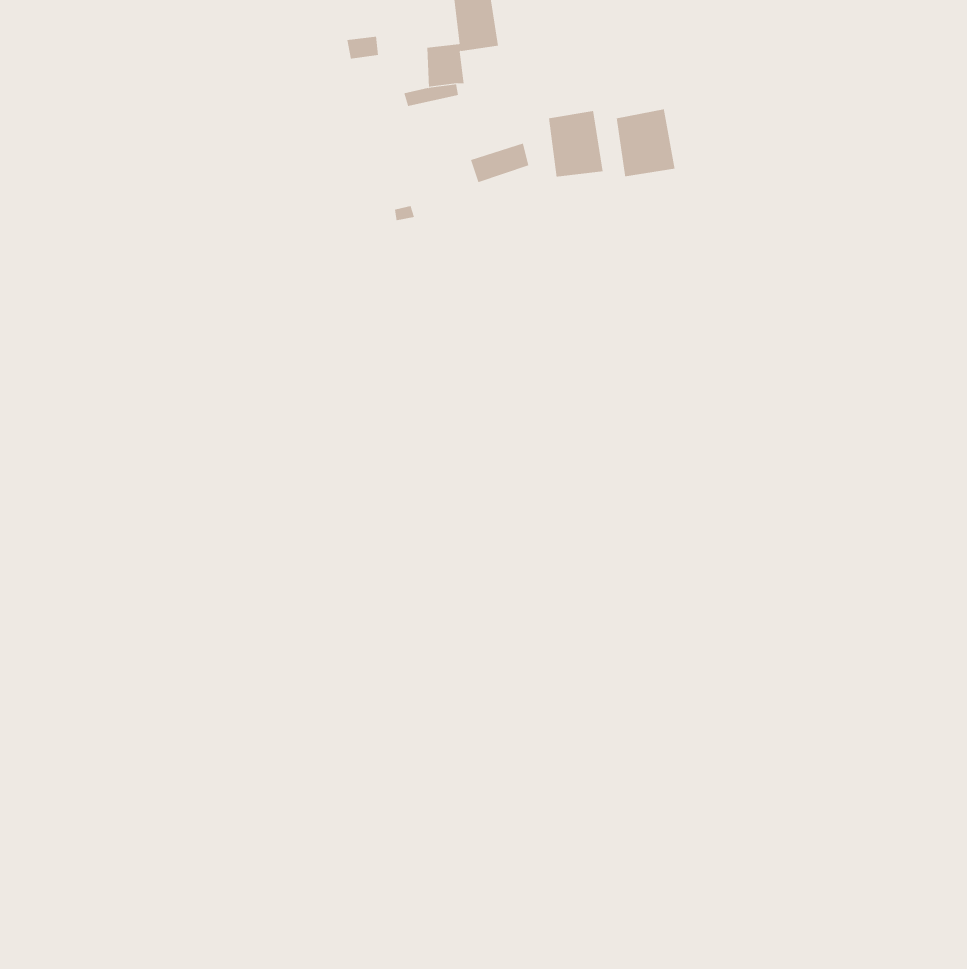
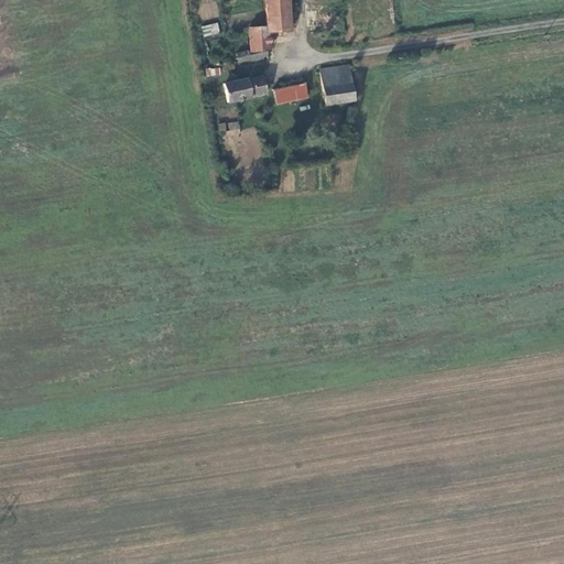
building: [616,108,675,177] -> none
building: none -> [226,77,268,101]

